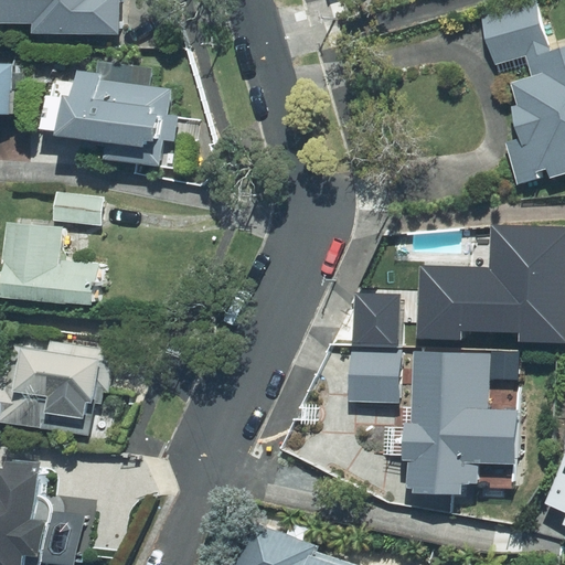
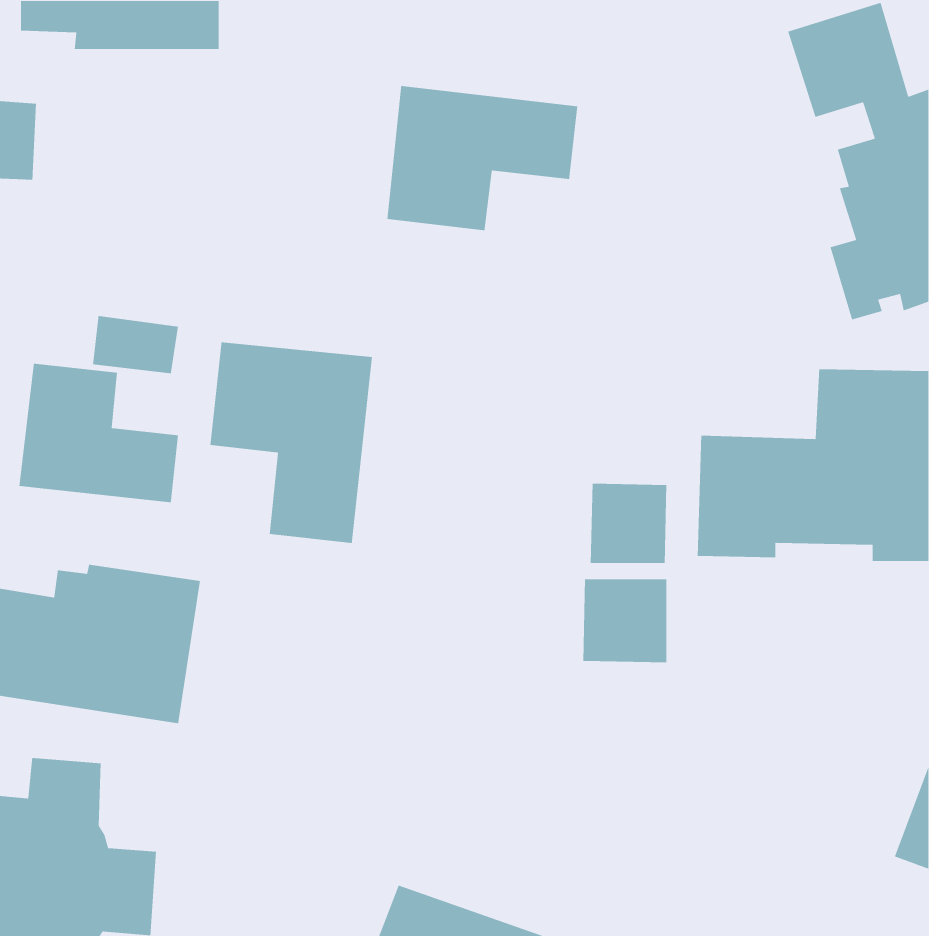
building: none -> [387,85,578,231]
building: [46,63,179,164] -> none
building: none -> [210,342,373,544]
building: [393,358,518,508] -> none

